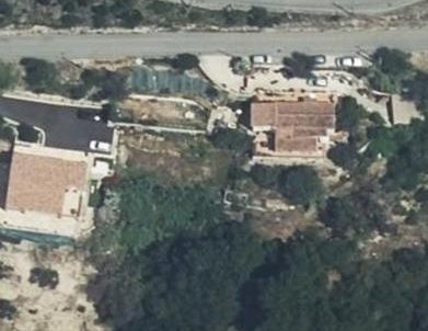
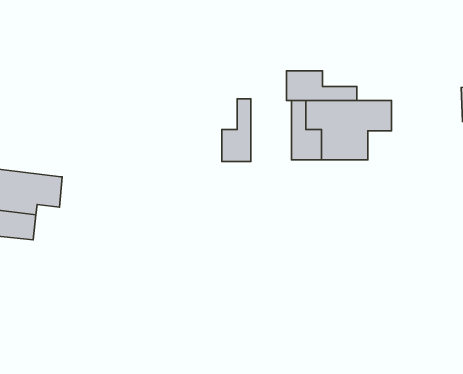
building: none -> [286,71,357,101]
building: none -> [222,99,251,162]

